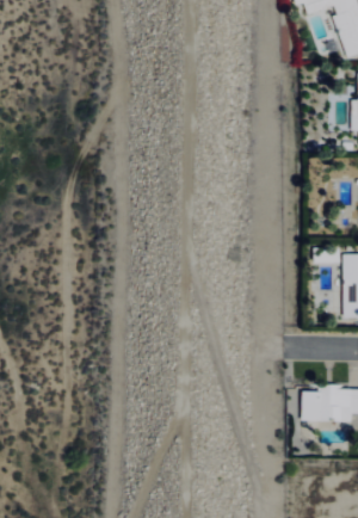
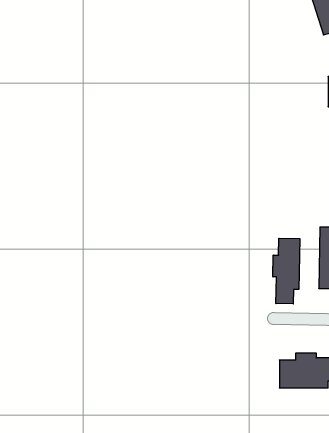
building: none -> [273,238,300,304]

